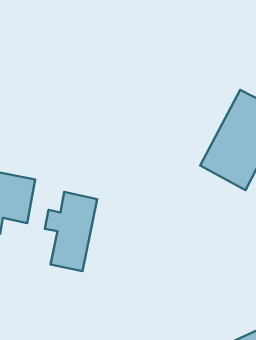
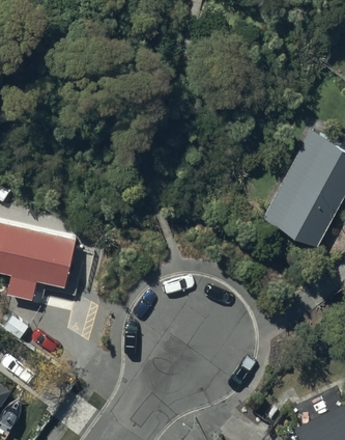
building: [45,192,97,271] -> none

